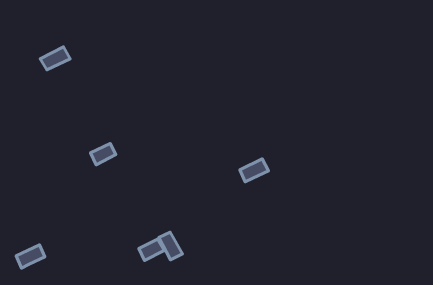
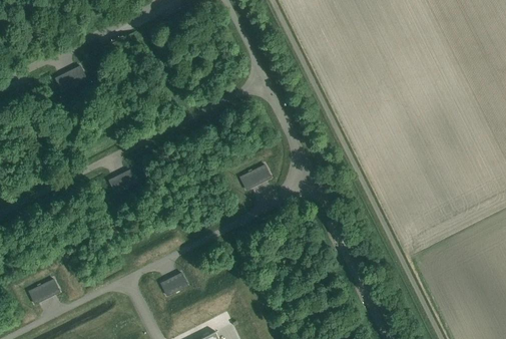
building: [240,159,269,182] -> [240,164,272,190]
building: [159,232,183,260] -> none

